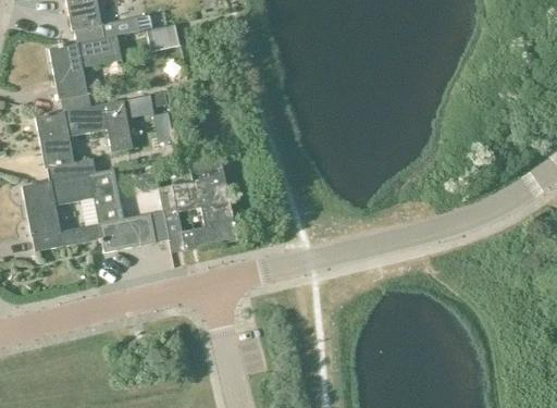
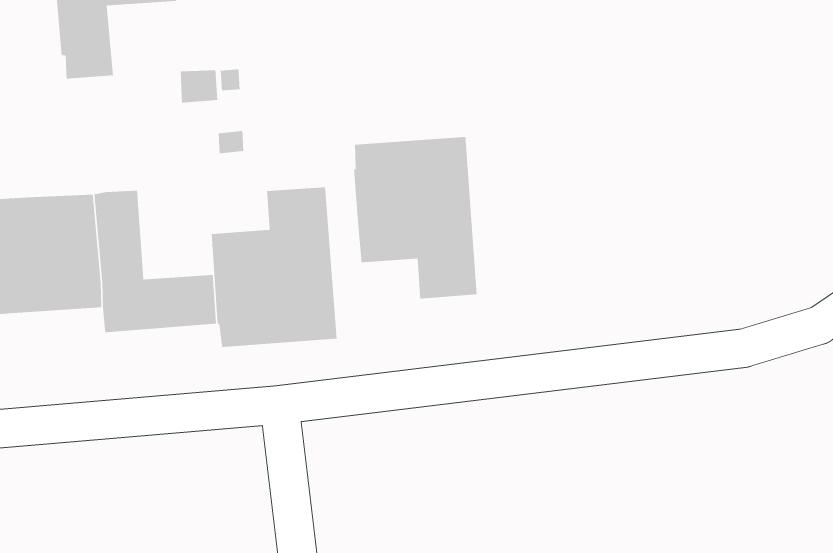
building: [35,99,132,181] -> none
building: none -> [353,136,477,299]

